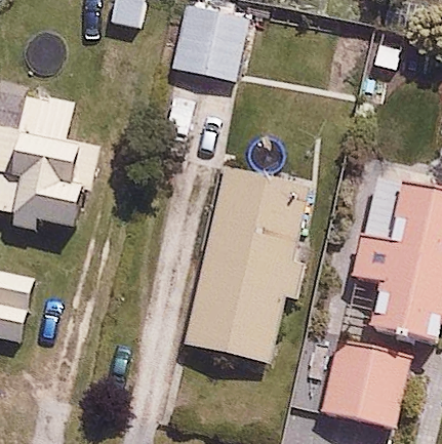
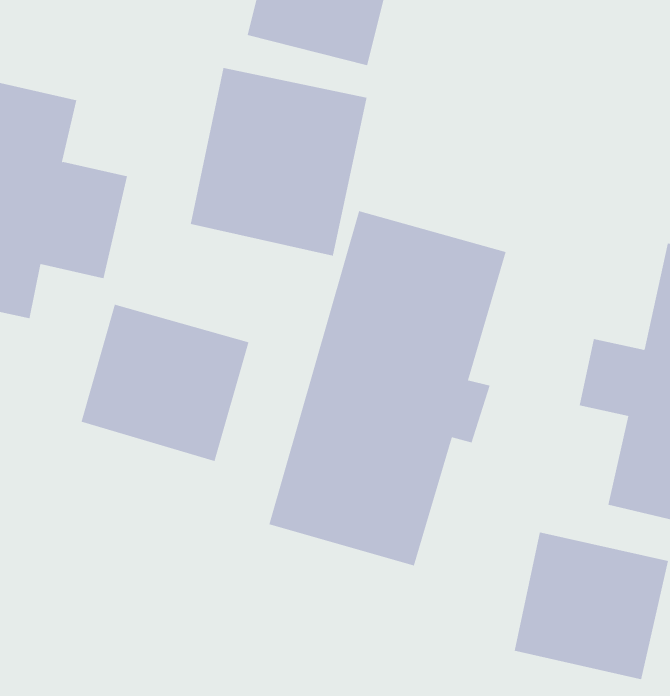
building: none -> [190,67,367,256]
building: none -> [81,304,249,462]

